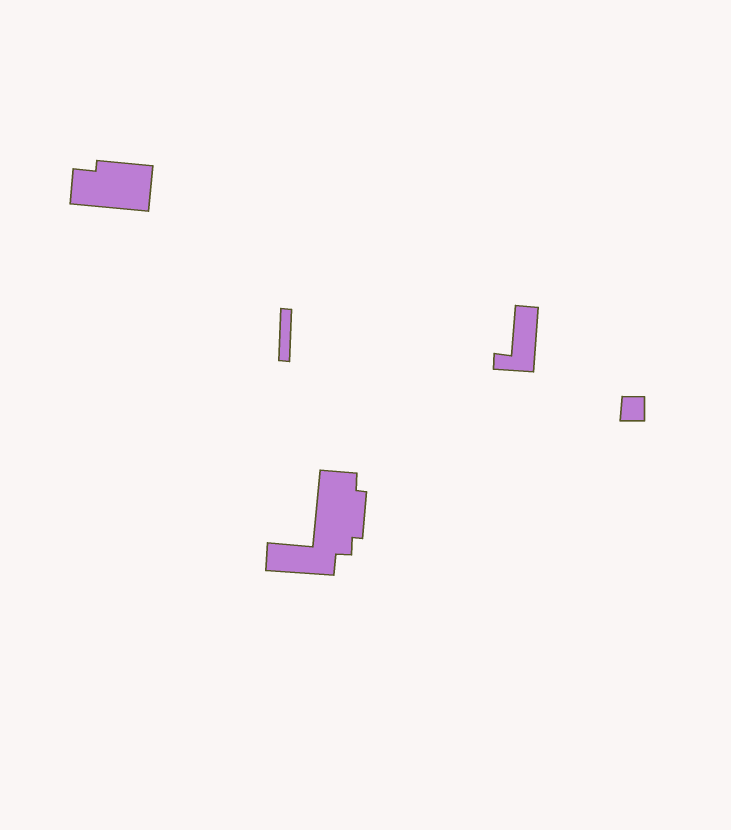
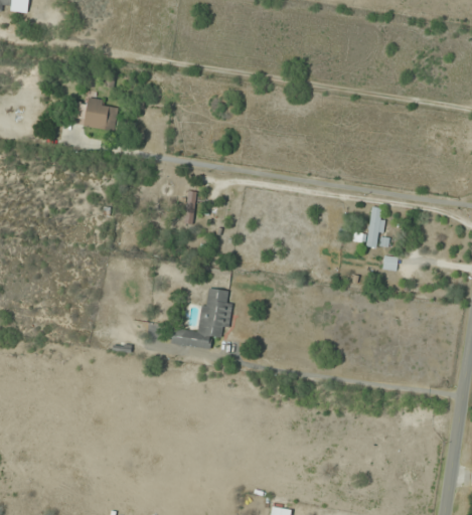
building: [493,306,538,372] -> [356,206,384,245]

